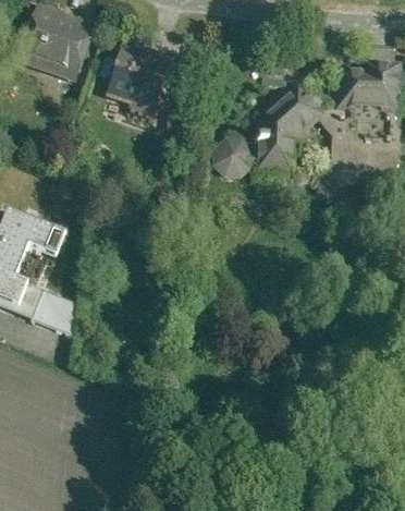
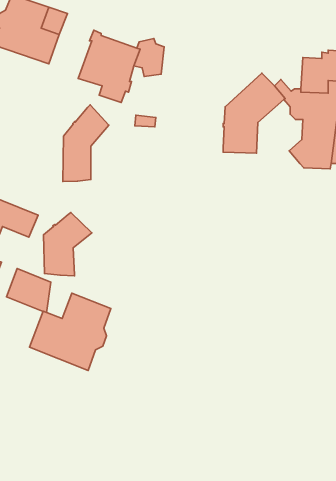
building: none -> [63,105,109,182]
building: [213,138,256,173] -> none
building: none -> [44,213,92,276]
building: none -> [29,293,111,371]

